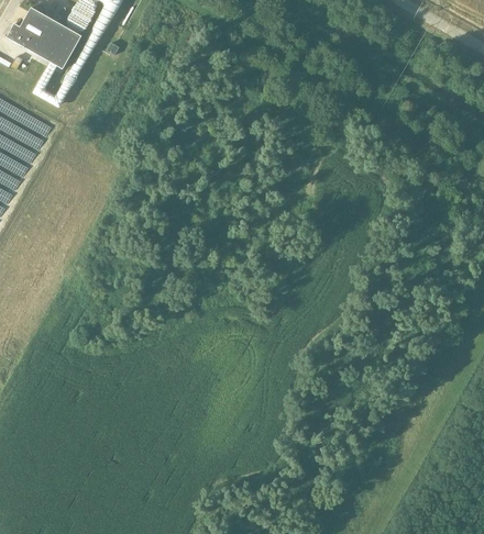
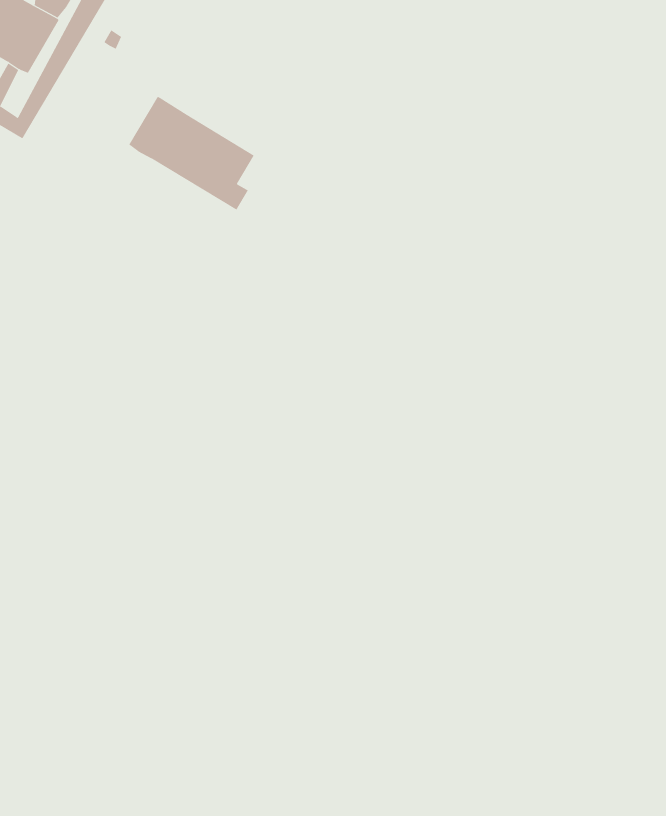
building: none -> [129,96,254,210]

